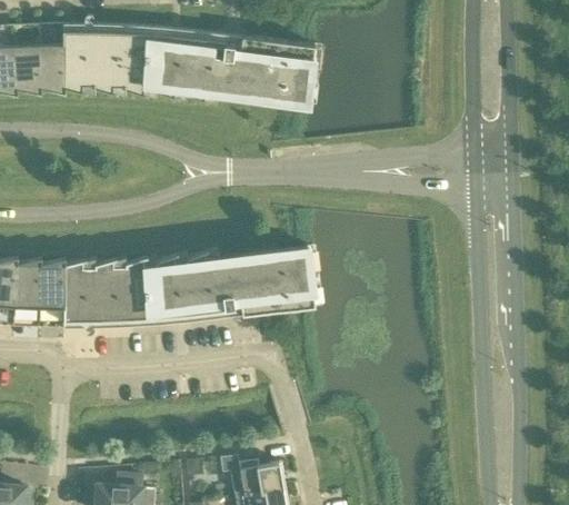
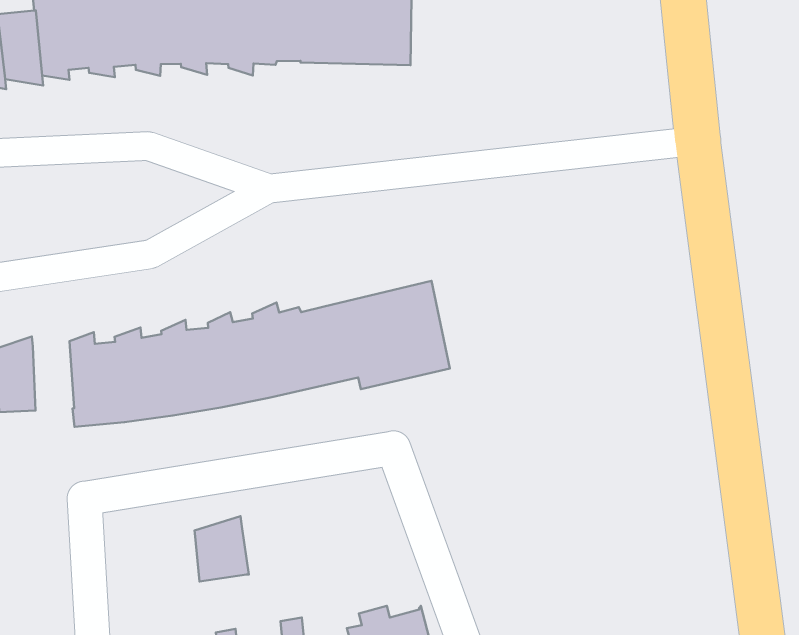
building: [38,258,64,308] -> none
building: none -> [194,516,249,581]

